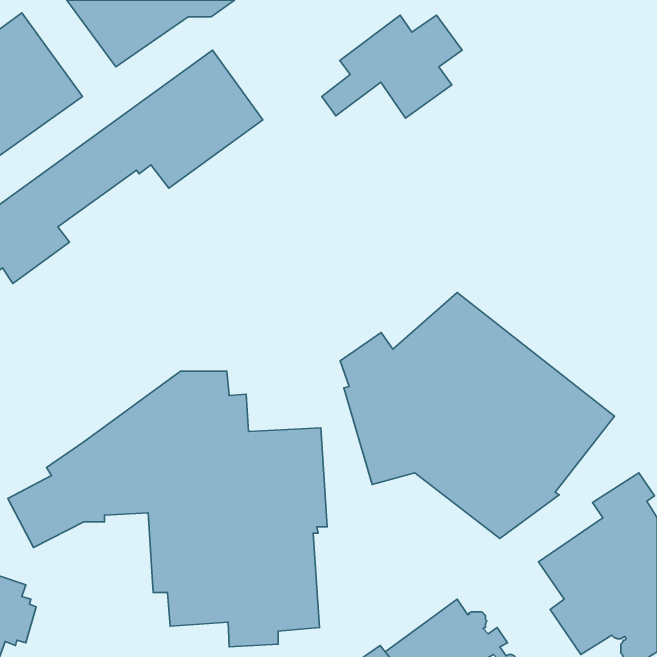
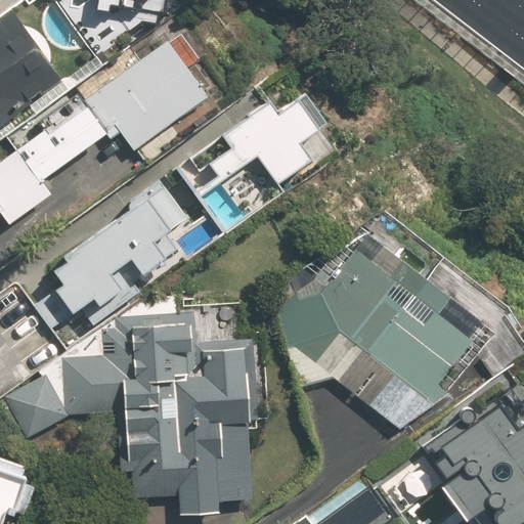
building: [322,15,462,118] -> [209,99,320,181]
building: none -> [50,177,189,323]

